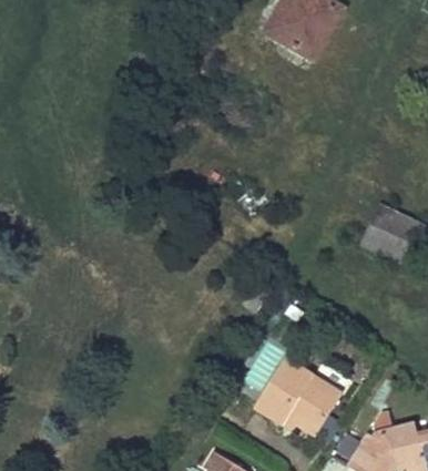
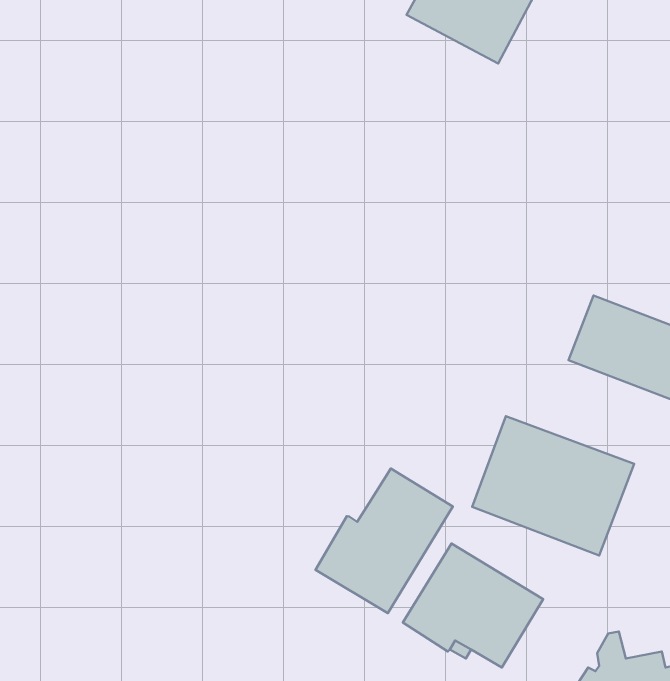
building: none -> [472,416,634,555]
building: none -> [315,468,453,613]

